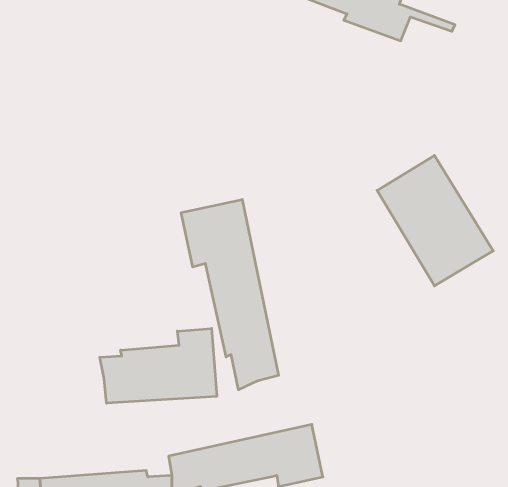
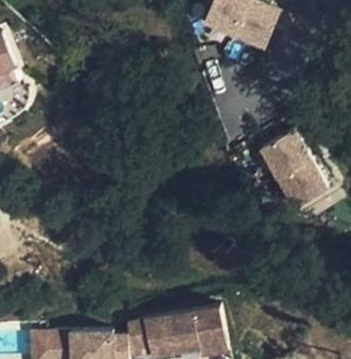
building: [181,199,279,390] -> none
building: [100,328,217,403] -> none

